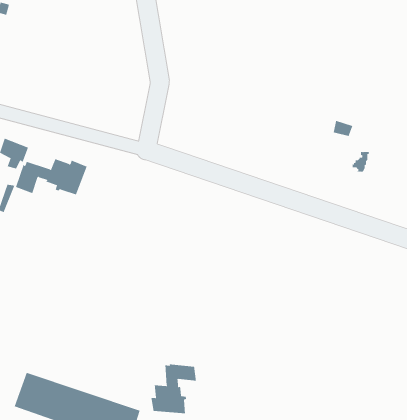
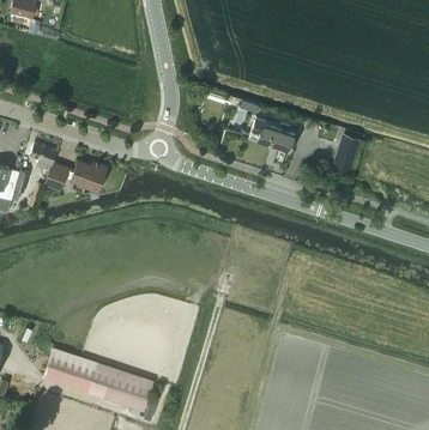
building: none -> [250,115,295,152]
building: [151,364,196,414] -> none

